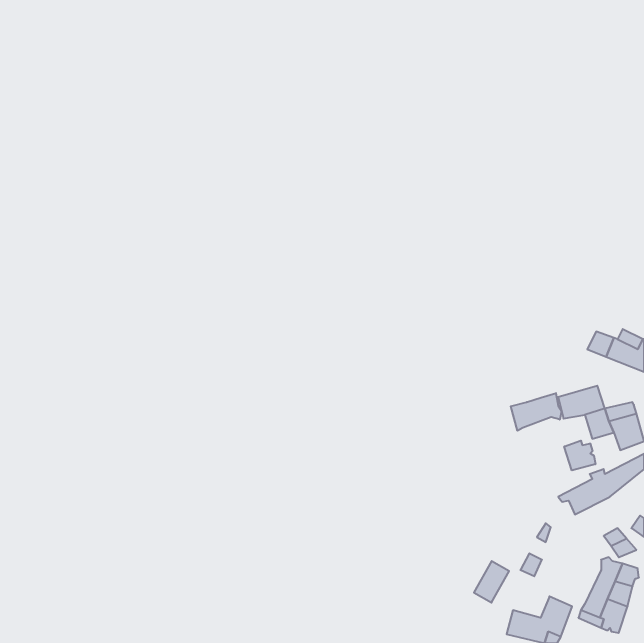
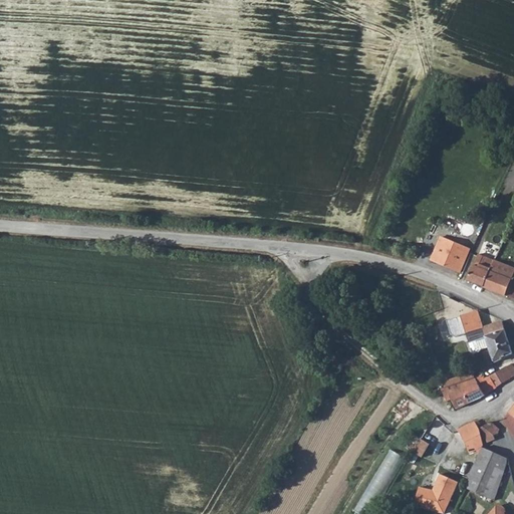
building: none -> [424,235,467,272]
building: [511,393,562,431] -> none
building: [564,441,595,470] -> none
building: none -> [454,421,485,449]

